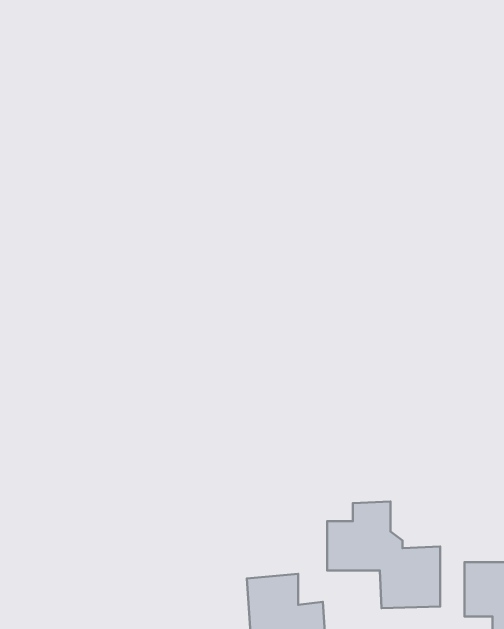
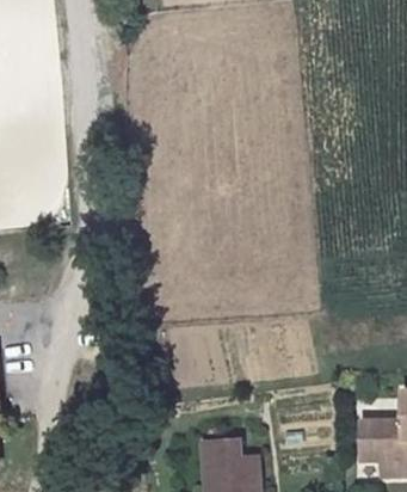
building: [327,502,440,608] -> none

